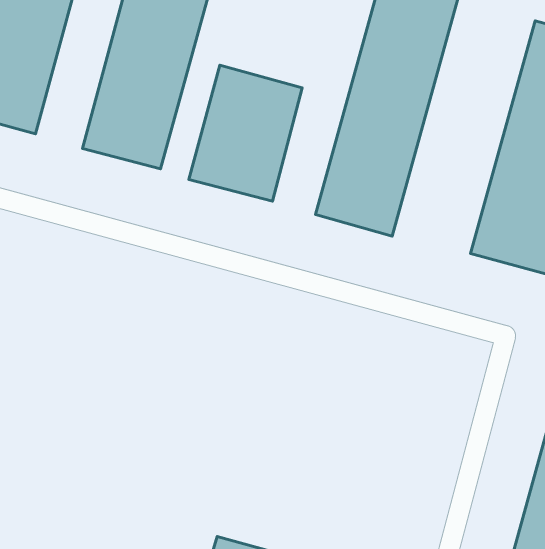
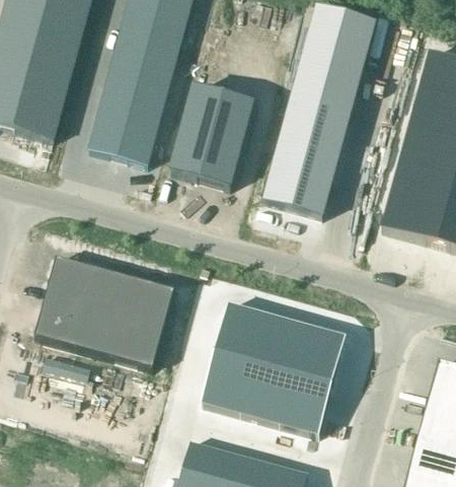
building: none -> [33,257,173,368]
building: none -> [200,304,345,435]

